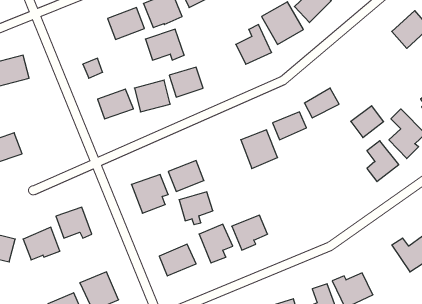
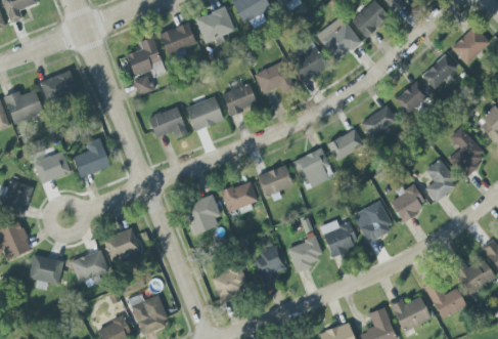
building: none -> [126,37,163,77]
building: [145,29,184,60] -> [255,61,295,93]
building: none -> [421,53,457,89]
building: [351,106,384,138] -> [395,81,428,114]
building: none -> [73,137,110,177]
building: none -> [391,185,426,219]
building: none -> [353,201,394,243]
building: [179,192,213,225] -> [258,166,292,200]
building: none -> [320,219,359,255]
building: none -> [423,280,466,319]

